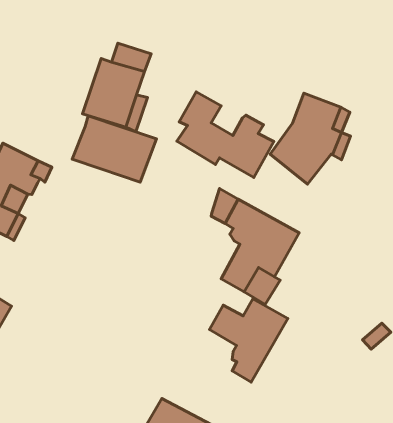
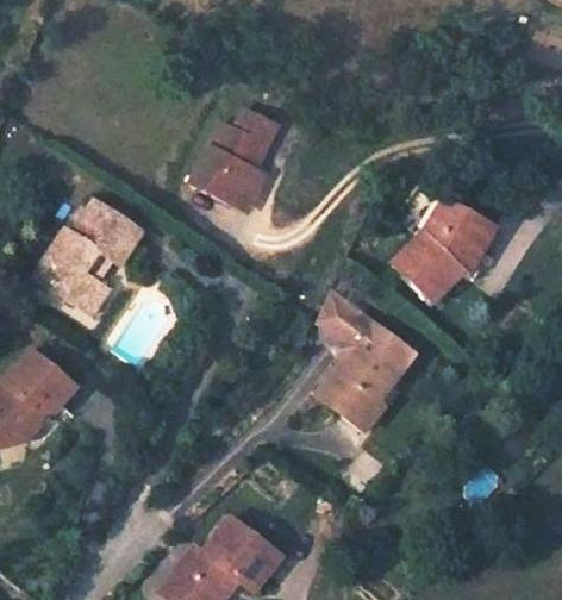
building: [177,92,274,178] -> none
building: [72,116,156,182] -> none
building: [210,299,288,382] -> none

